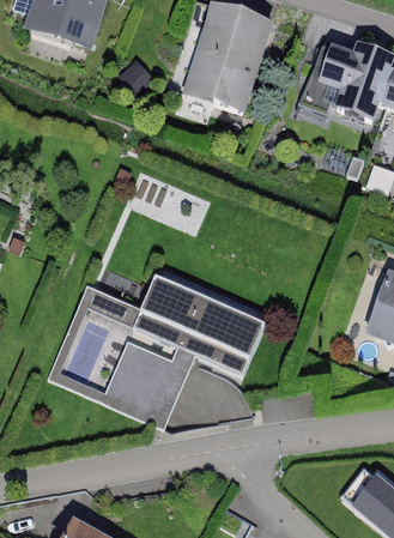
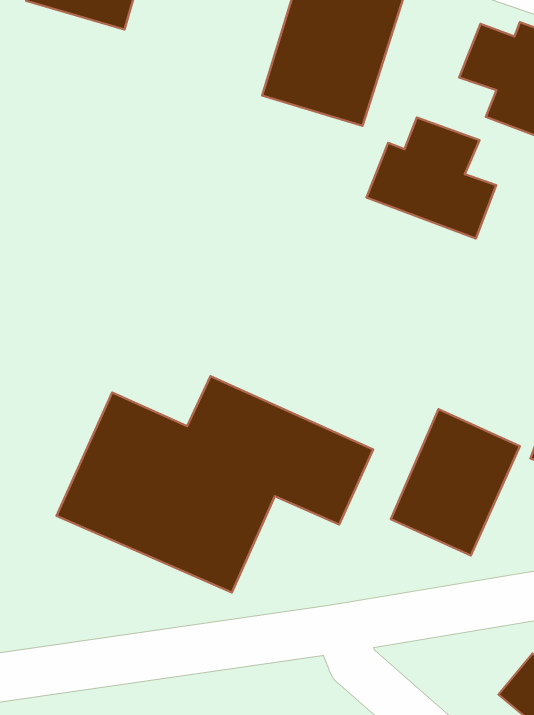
building: none -> [367,118,496,239]
building: none -> [391,409,520,555]

